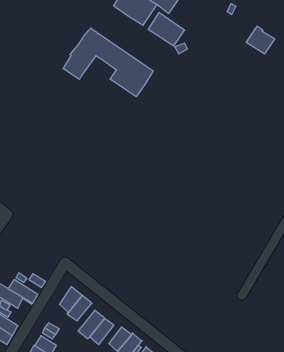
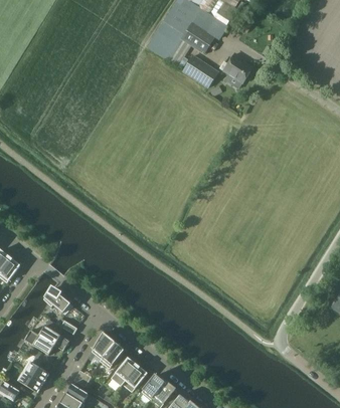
building: [246,26,275,54] -> [222,53,251,81]
building: [63,28,153,97] -> none
building: none -> [42,284,72,314]

